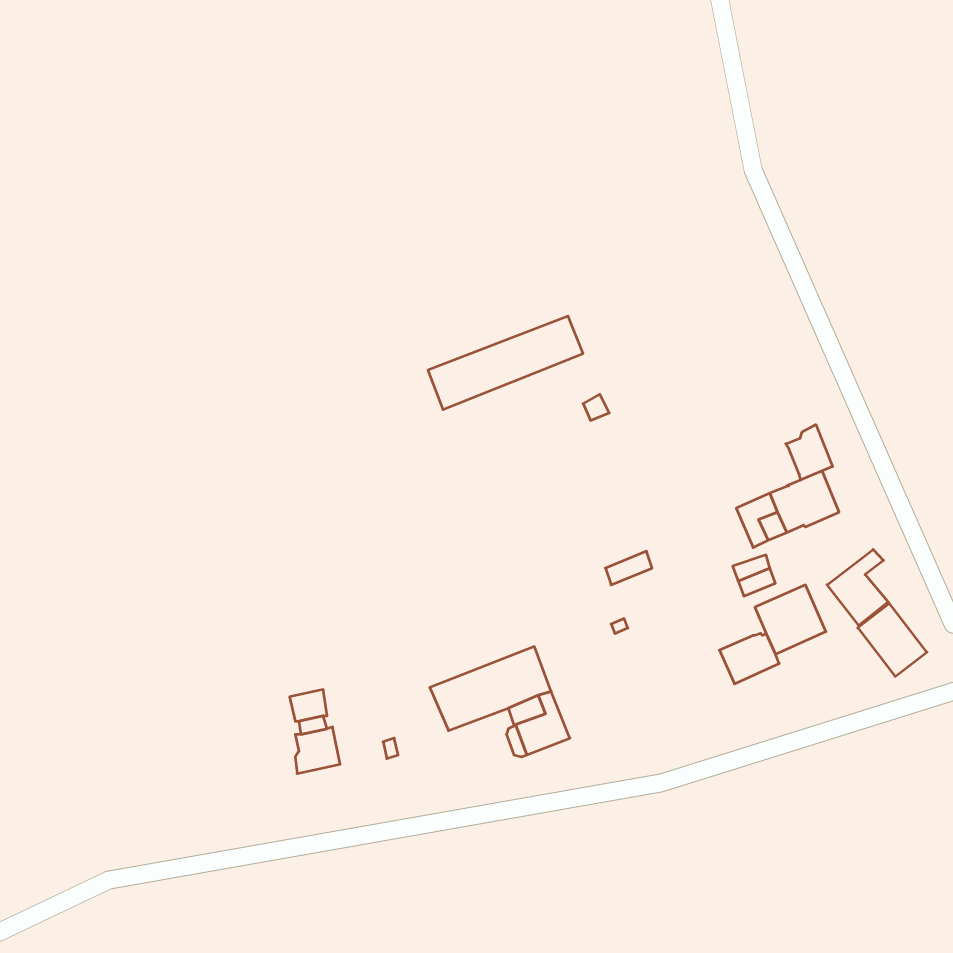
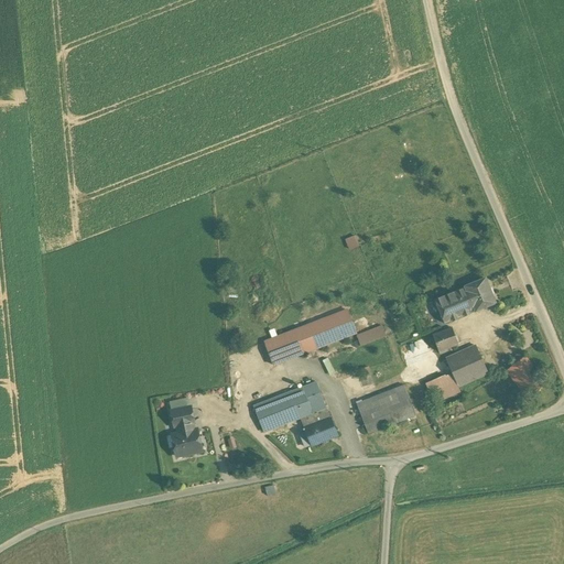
building: [428,316,583,410] -> [263,310,355,365]
building: [786,425,833,480] -> none
building: [827,549,889,626] -> none
building: none -> [356,384,415,433]

